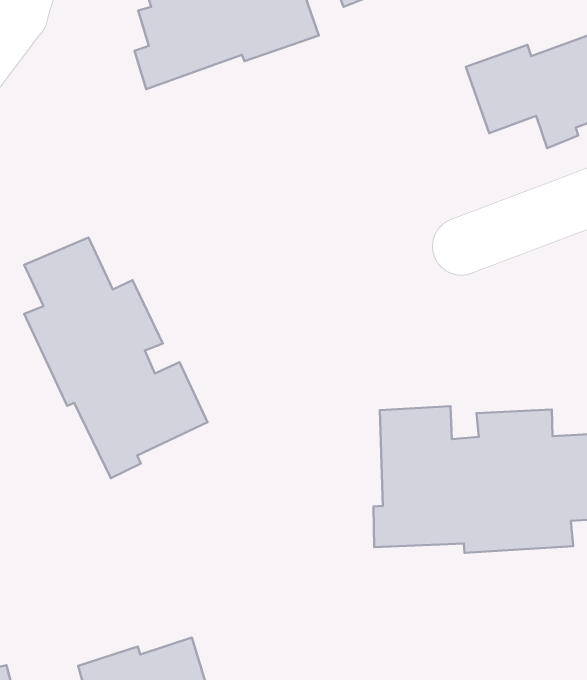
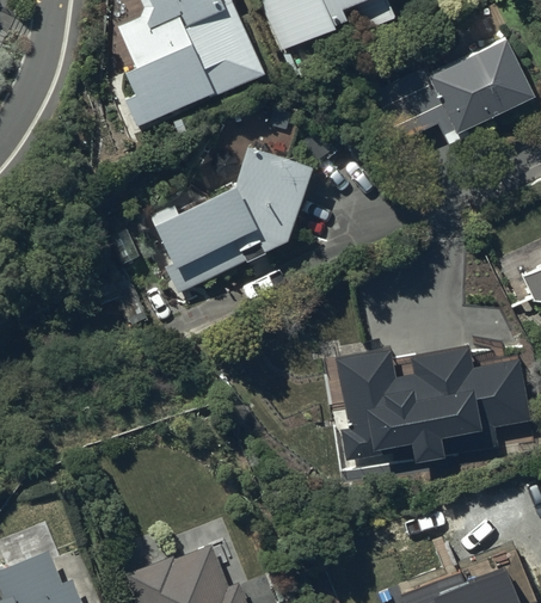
building: none -> [152,144,314,293]
building: [24,238,208,478] -> none

